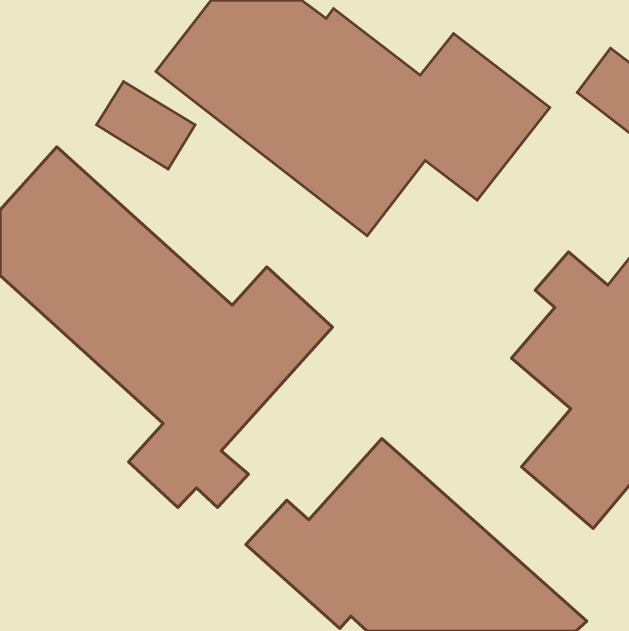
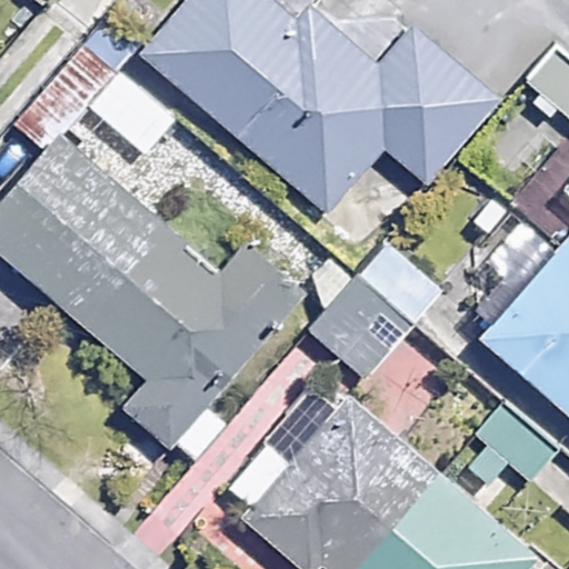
building: none -> [316,244,445,377]

